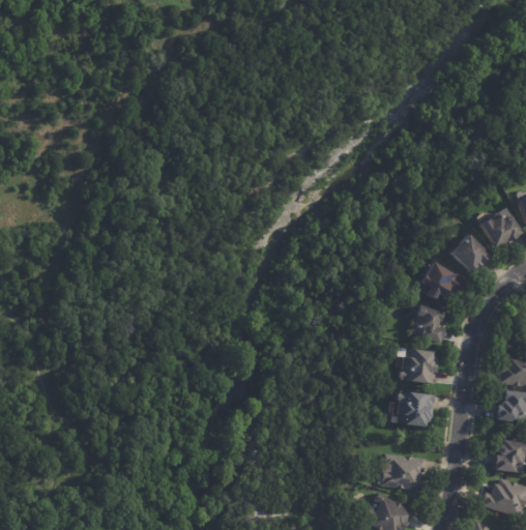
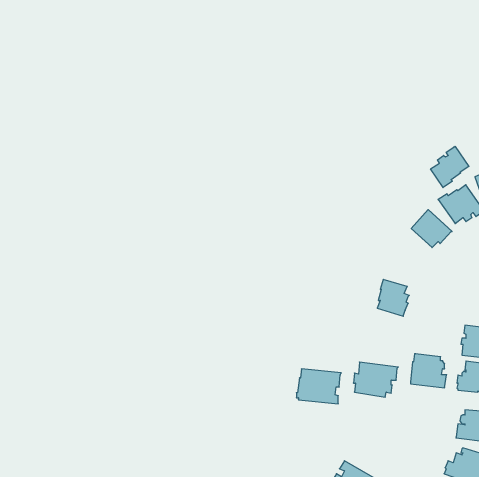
building: none -> [431,146,469,188]
building: [413,260,467,300] -> none
building: [402,349,439,384] -> [411,354,447,388]
building: [381,454,428,491] -> [296,369,341,404]

